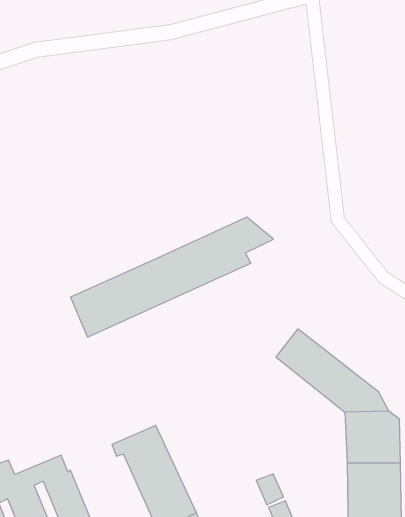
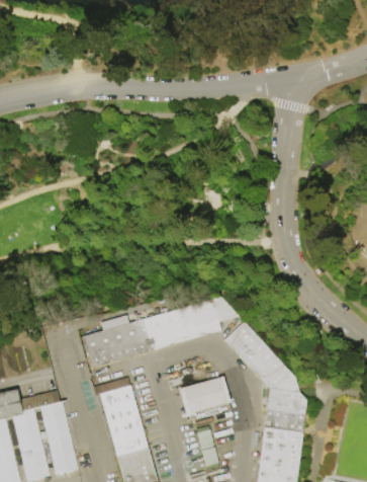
building: [71,217,273,337] -> [84,298,240,369]
building: none -> [177,377,227,414]

